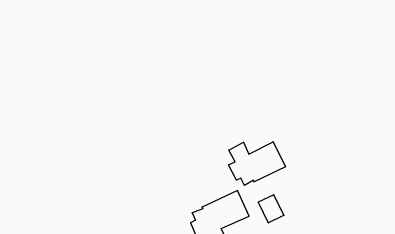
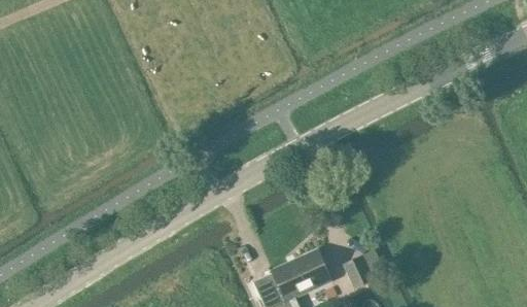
building: [229,142,285,185] -> none

